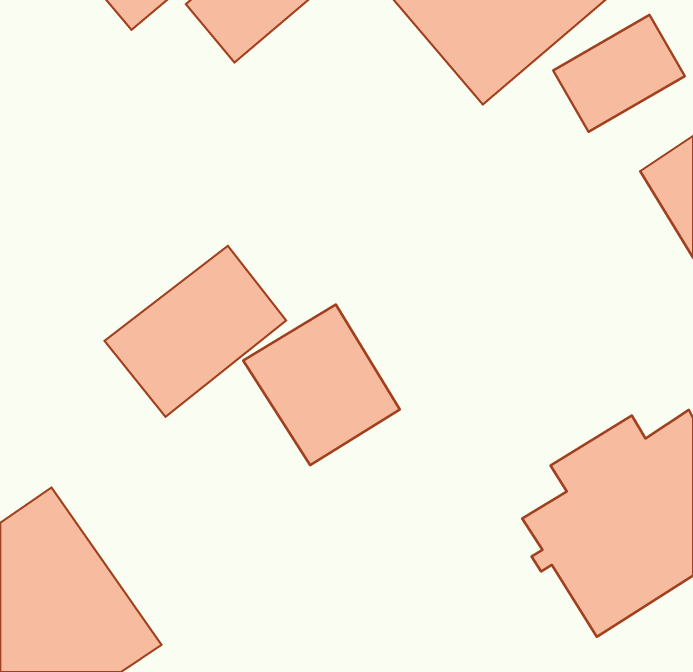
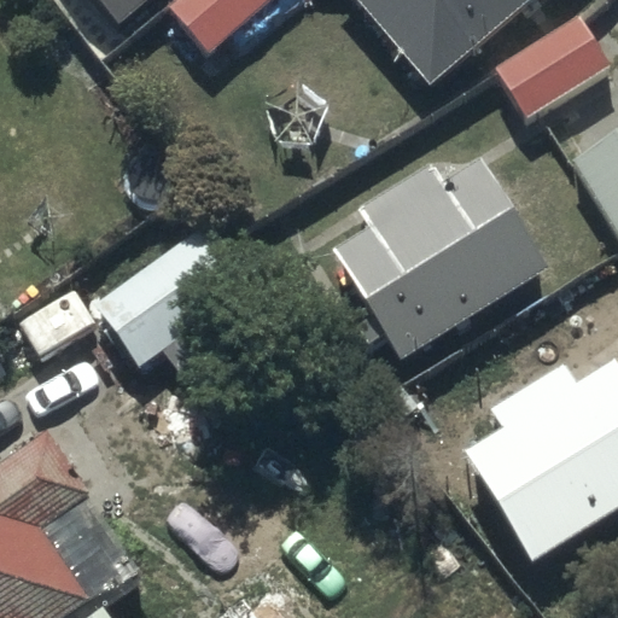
building: none -> [333,163,553,366]
building: [243,304,400,465] -> none

